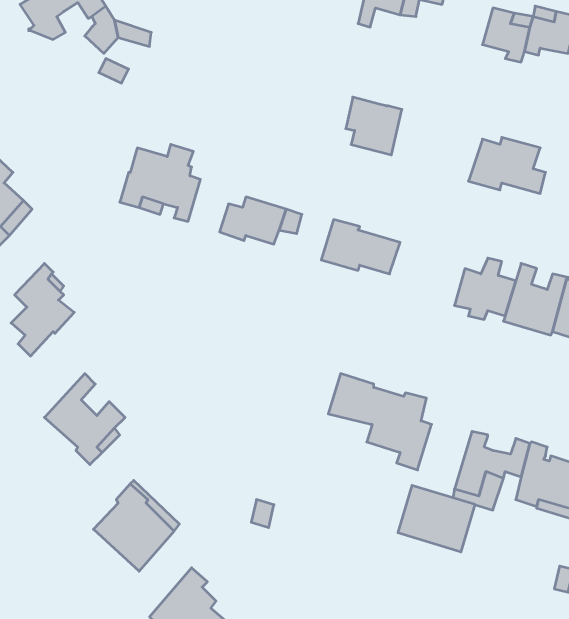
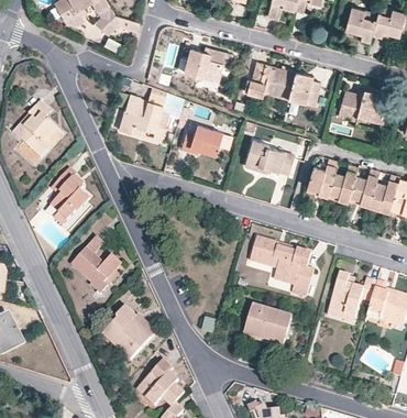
building: none -> [184,47,232,81]
building: none -> [288,70,320,106]
building: none -> [307,158,338,197]
building: [398,485,475,552] -> [243,304,292,345]

